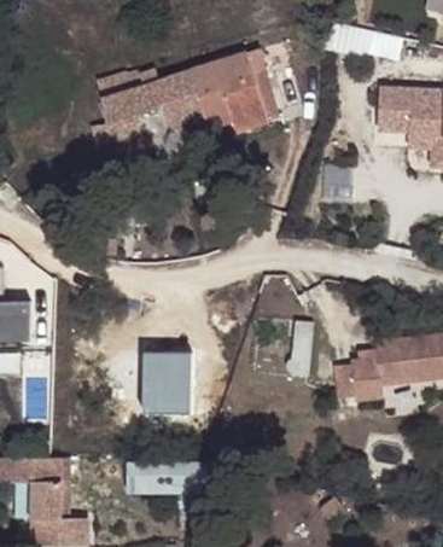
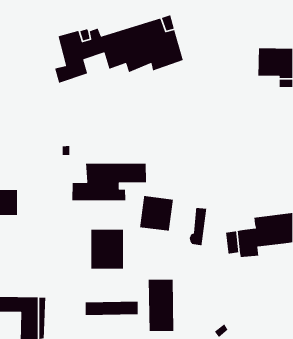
building: none -> [71,163,147,201]
building: none -> [139,195,174,232]
building: none -> [148,279,174,332]

